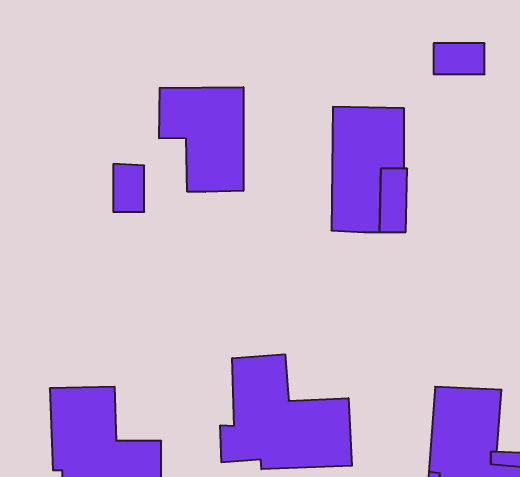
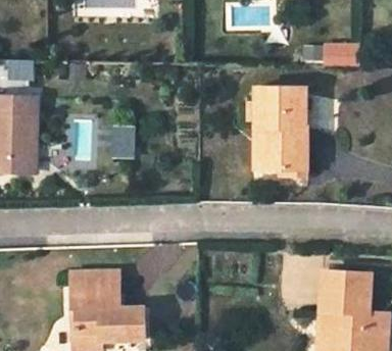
building: [159,87,243,192] -> none
building: [220,354,352,469] -> none

